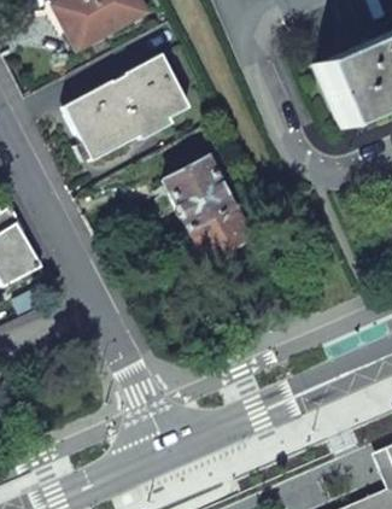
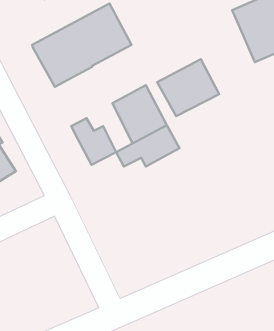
building: none -> [157,59,219,116]
building: none -> [71,118,116,165]

